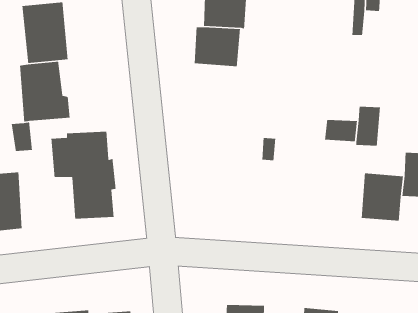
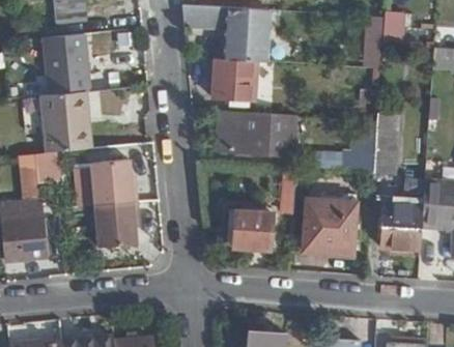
building: none -> [218,110,289,152]
building: none -> [303,194,358,252]
building: none -> [226,207,273,247]

